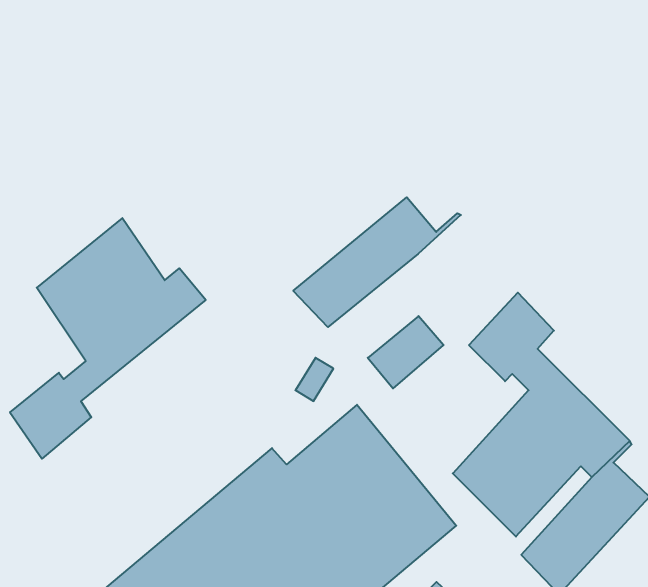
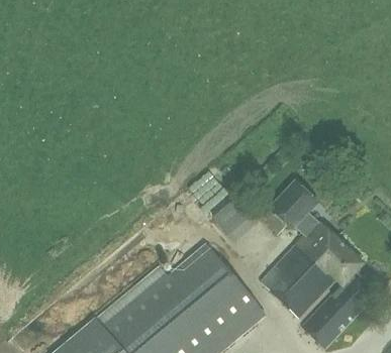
building: [293,197,461,327] -> none
building: [10,218,206,459] -> none

